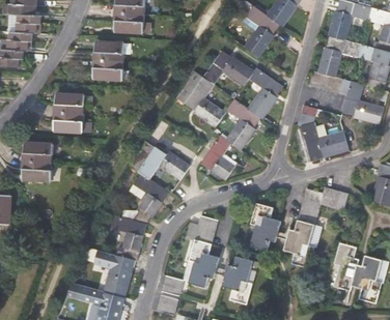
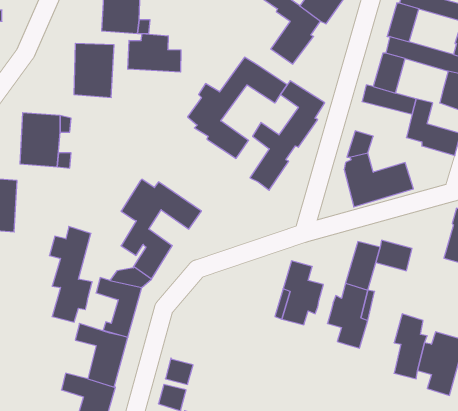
building: none -> [128,34,181,72]
building: [197,137,233,183] -> none
building: [187,215,219,287] -> [49,226,92,322]
building: [222,256,253,303] -> none

